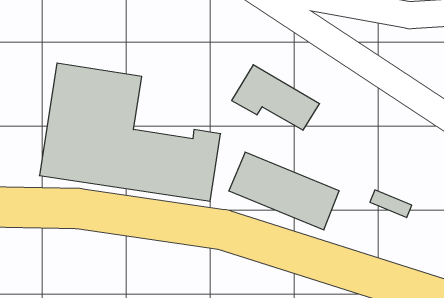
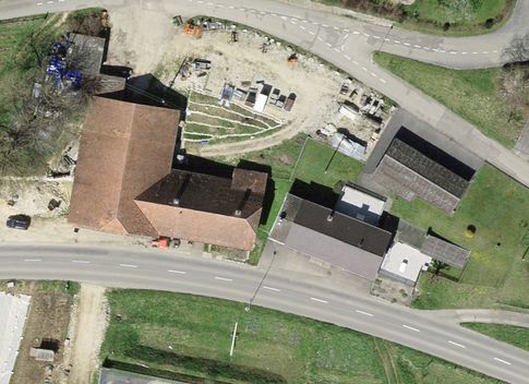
building: [232,65,320,130] -> [375,137,469,207]

